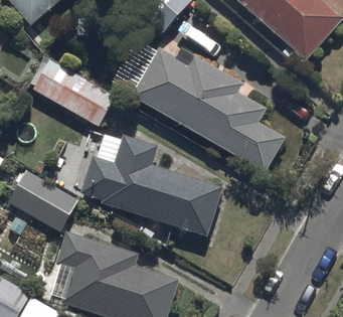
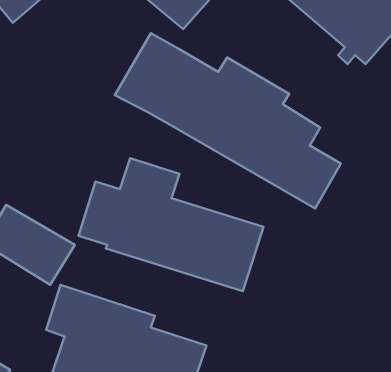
building: [28,55,118,128] -> none

